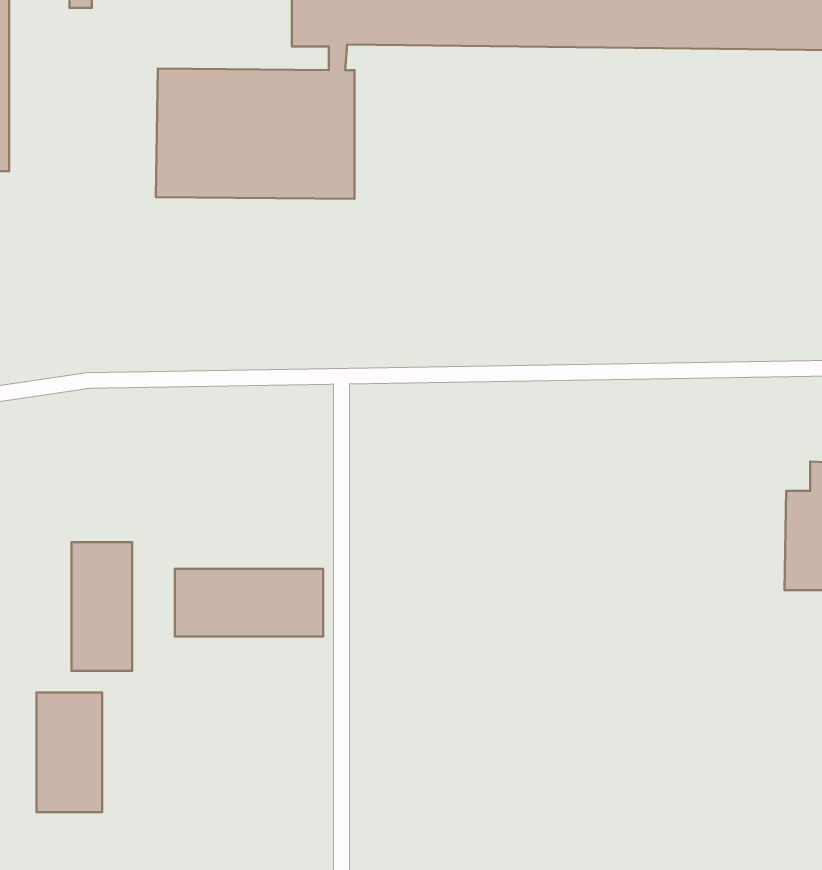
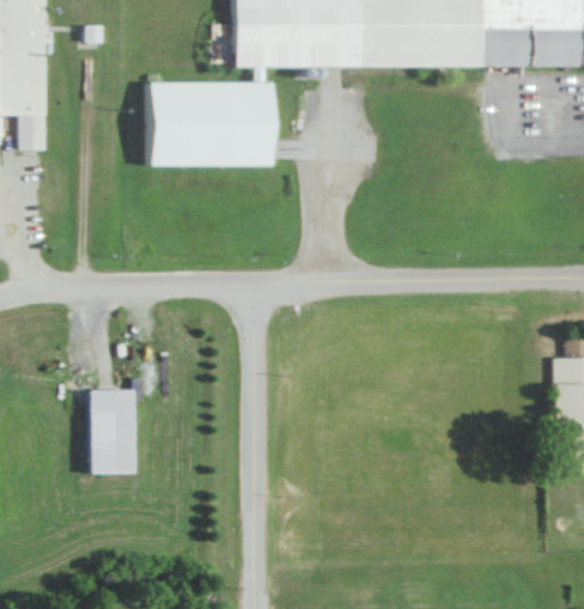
building: [175,569,323,637] -> none
building: [36,693,102,812] -> none

